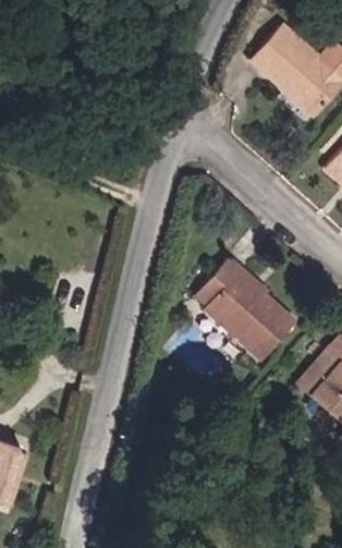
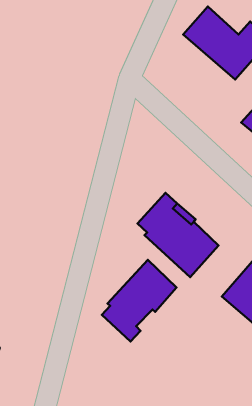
building: none -> [102,260,177,342]

